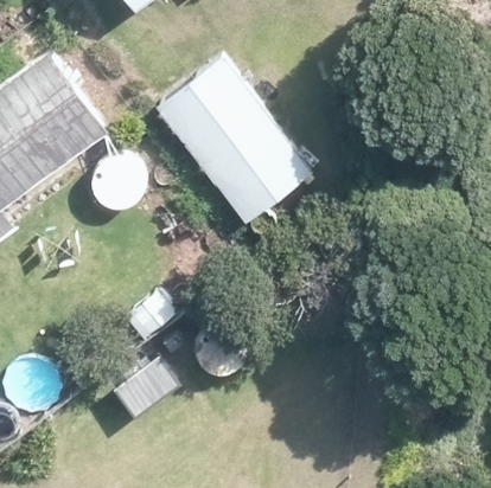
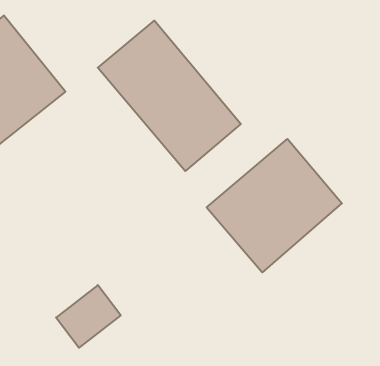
building: none -> [207,139,342,272]

